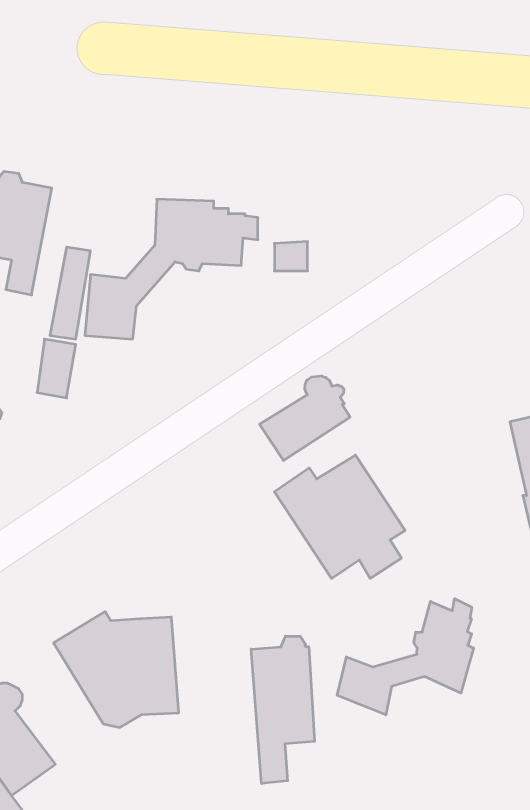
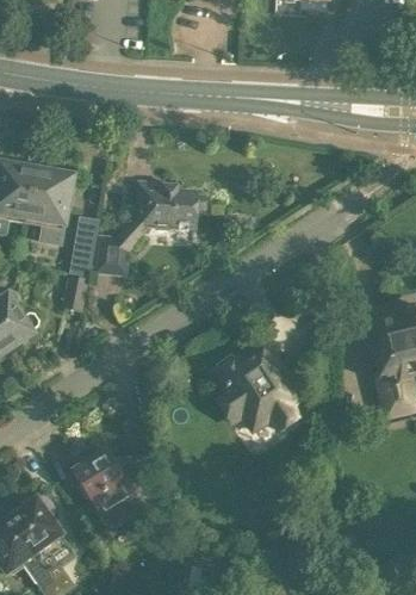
building: [260,376,350,461] -> none
building: [337,599,474,715] -> none
building: [251,636,315,784] -> none

